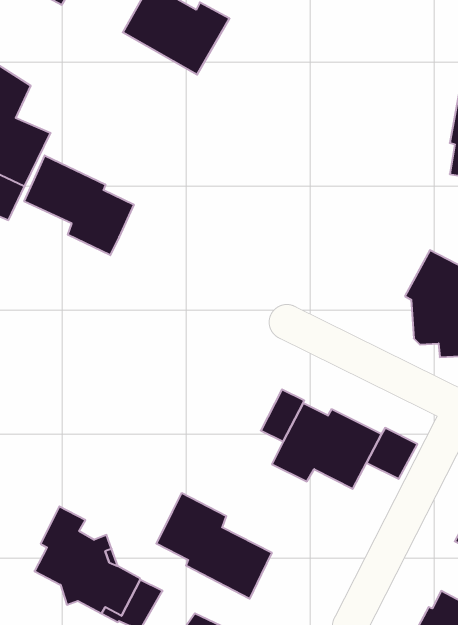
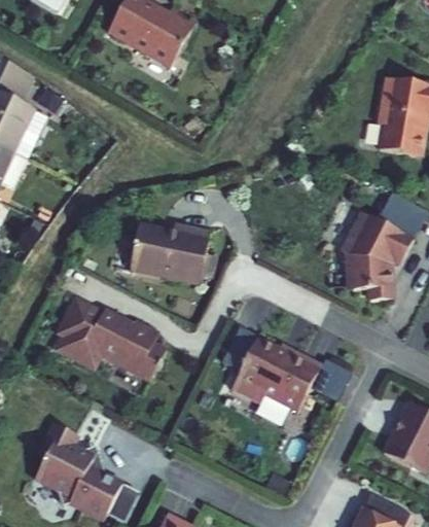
building: [24,155,134,255] -> none
building: none -> [129,222,209,283]
building: none -> [56,297,166,380]
building: [156,493,272,599] -> none

